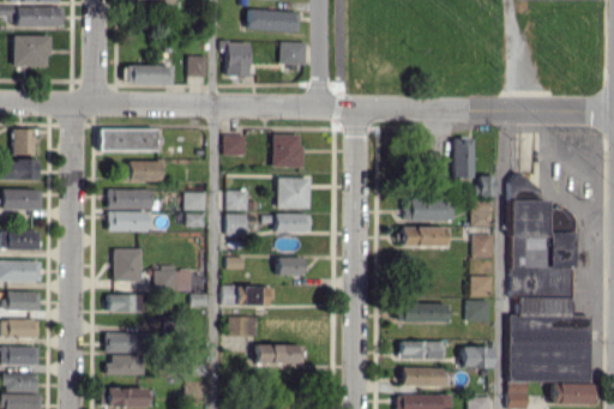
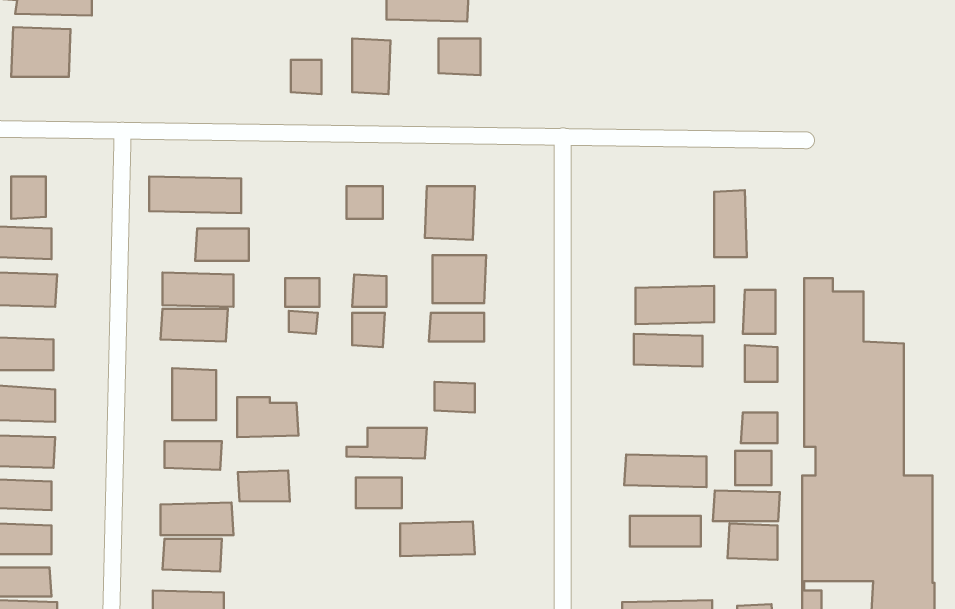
building: [126,65,173,84] -> none
building: none -> [238,471,290,501]
building: [402,367,444,386] -> [713,490,780,521]

